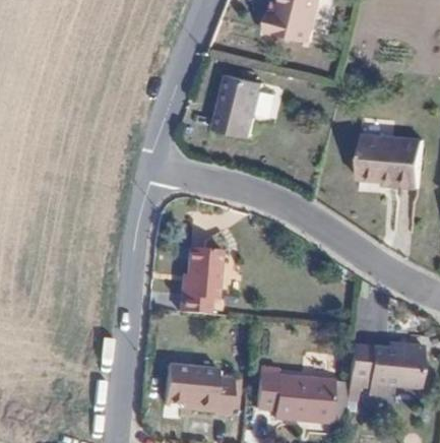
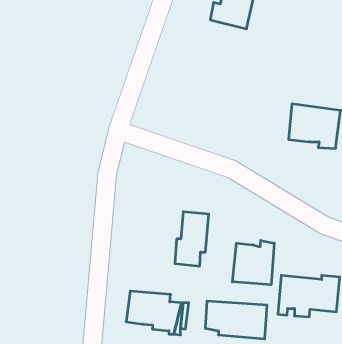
building: [213,73,261,136] -> none
building: [180,248,222,315] -> [175,212,209,266]
building: none -> [232,240,274,285]

